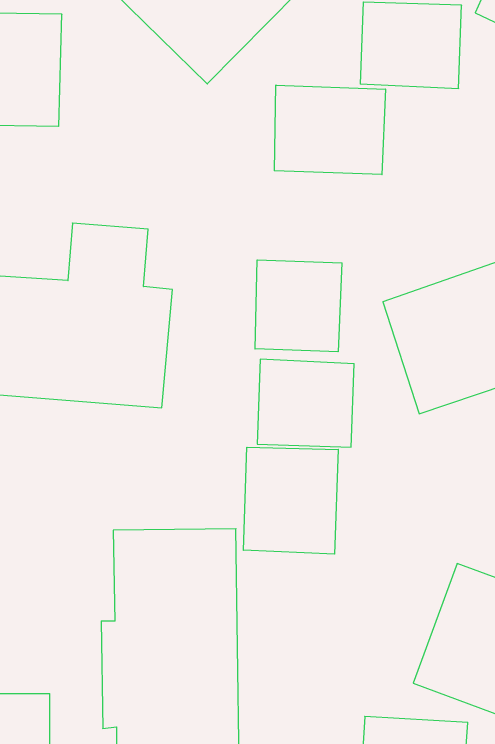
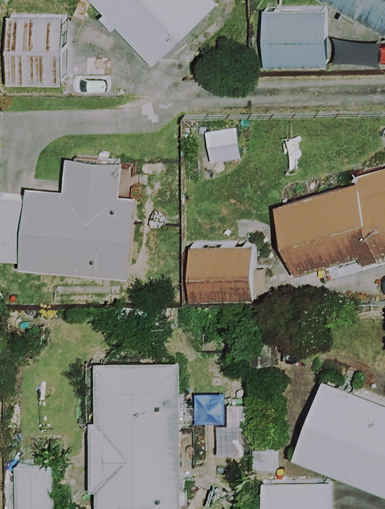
building: [274,85,385,175] -> none
building: [255,260,342,352] -> none
building: [243,447,338,554] -> none

